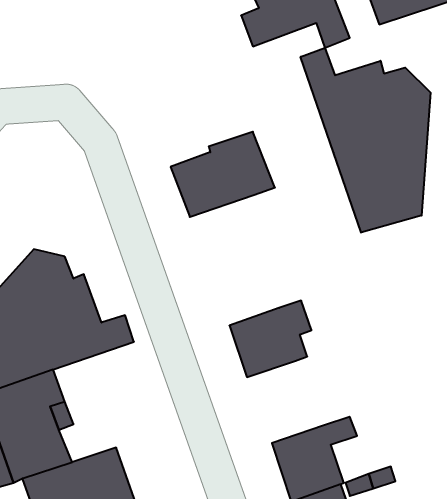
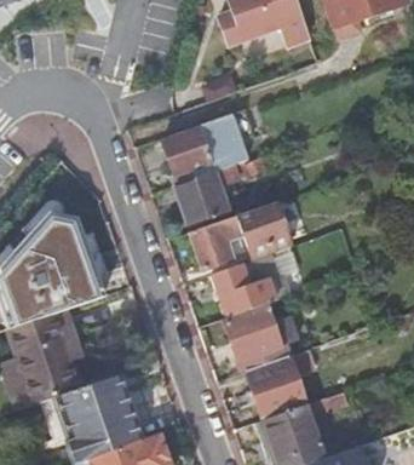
building: [301,48,430,233] -> none
building: none -> [174,166,235,224]
building: none -> [190,202,291,269]
building: none -> [222,303,297,371]

